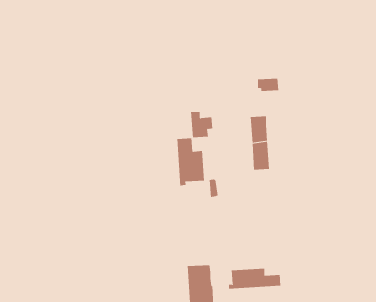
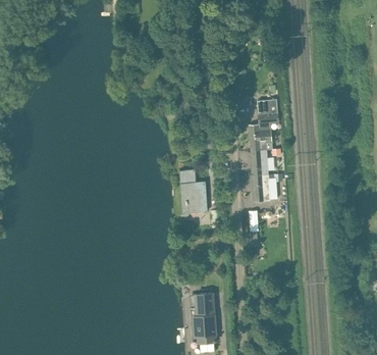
building: [190,112,213,138] -> [250,123,272,149]
building: [228,268,281,289] -> none

